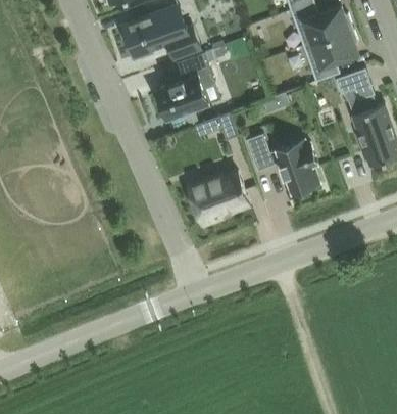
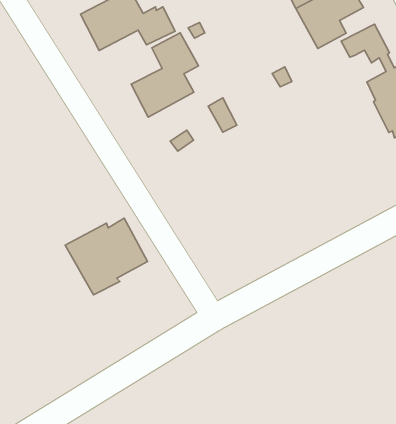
building: [246,133,320,194] -> none
building: [185,168,251,228] -> [65,218,148,295]

